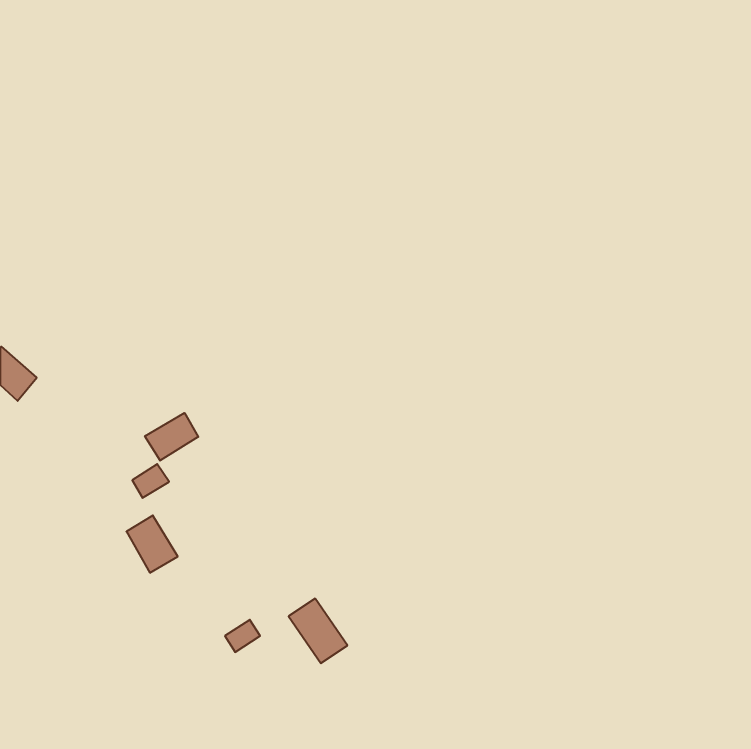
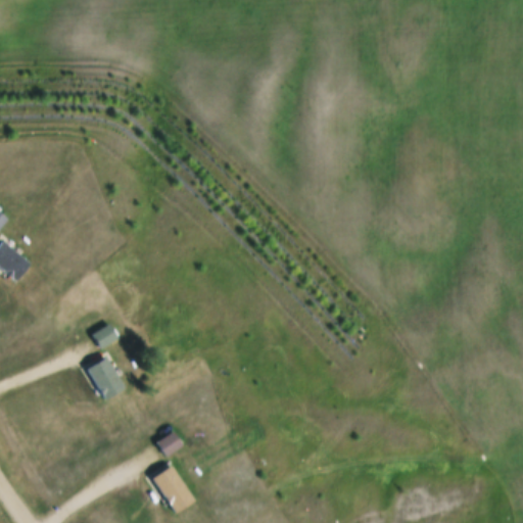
building: [145,413,198,461] -> none
building: [289,599,347,663] -> [152,465,193,510]

